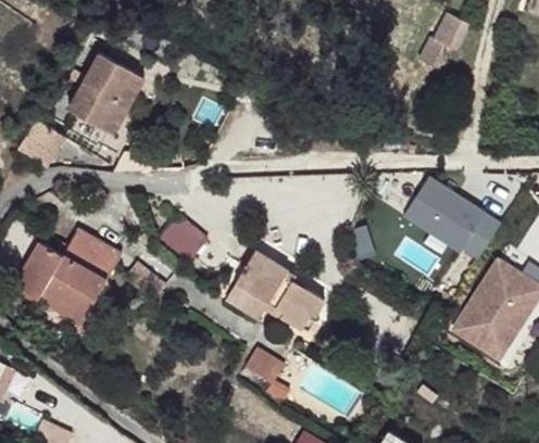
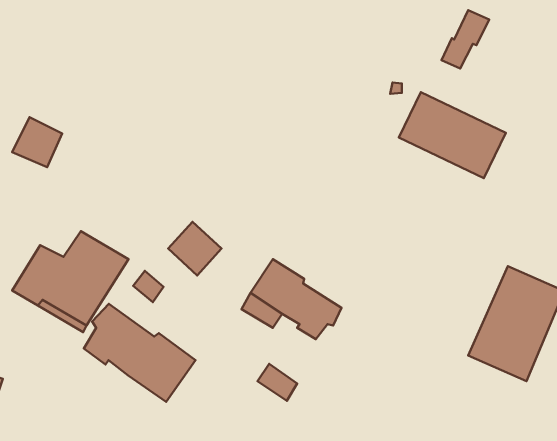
building: [65,49,143,131] -> none
building: [396,181,496,262] -> [399,92,506,178]
building: none -> [84,304,196,402]

